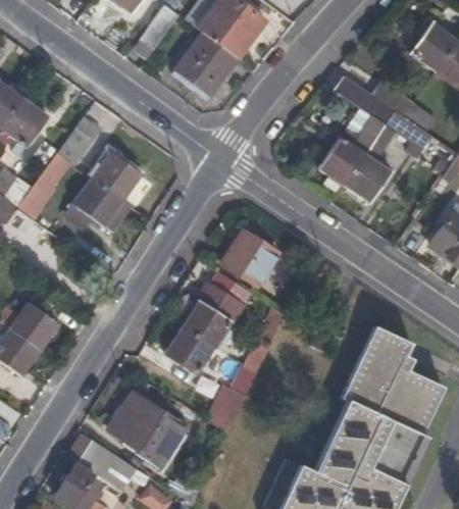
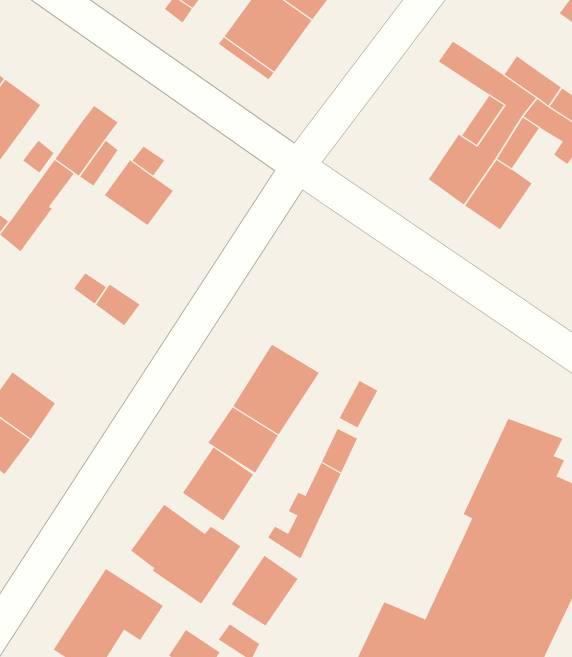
building: [65,179,131,232] -> none
building: [222,230,277,285] -> none
building: none -> [182,447,254,522]
building: none -> [231,555,299,626]

